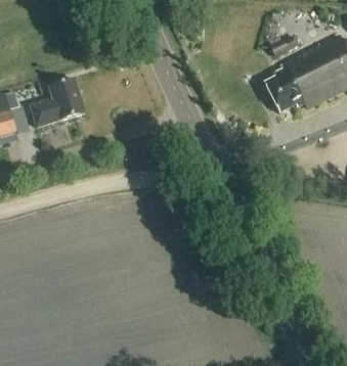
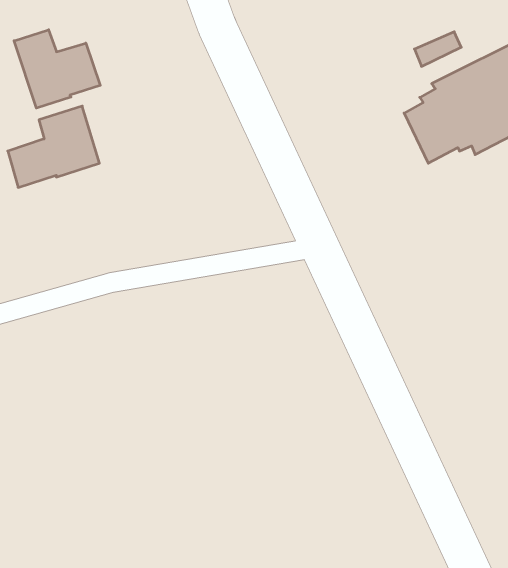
building: none -> [14,30,100,108]

